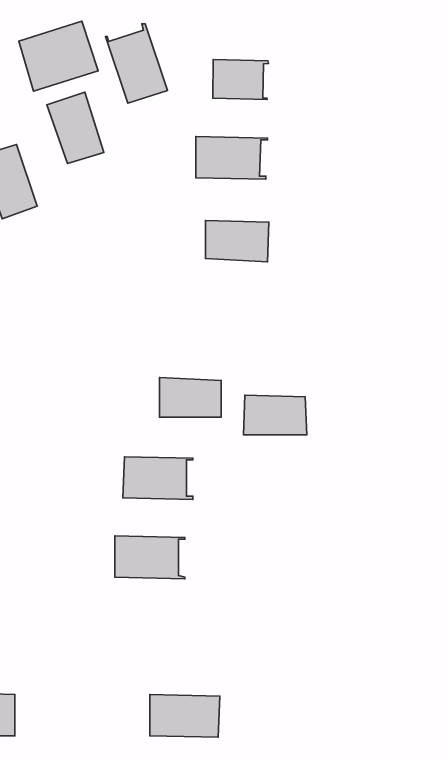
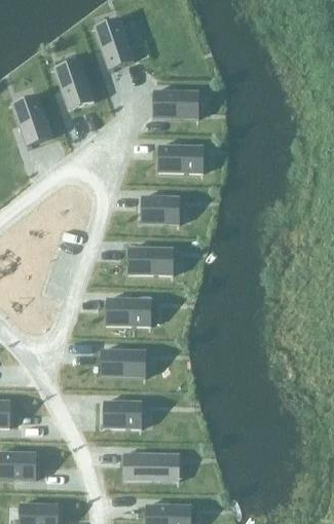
building: [19,21,98,91] -> none
building: [213,59,268,99] -> none
building: [243,395,307,435] -> [142,196,183,222]
building: none -> [103,402,147,427]

